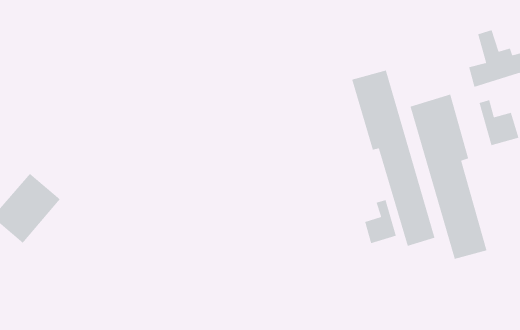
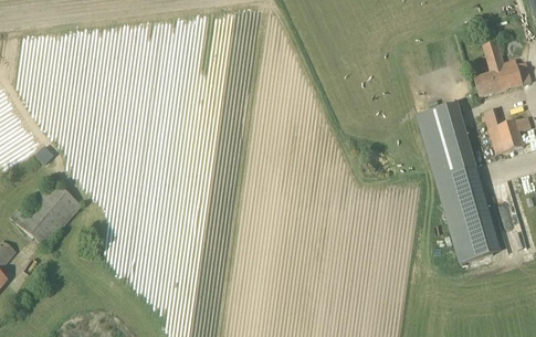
building: [351,69,435,247] -> none
building: [364,199,397,244] -> none

